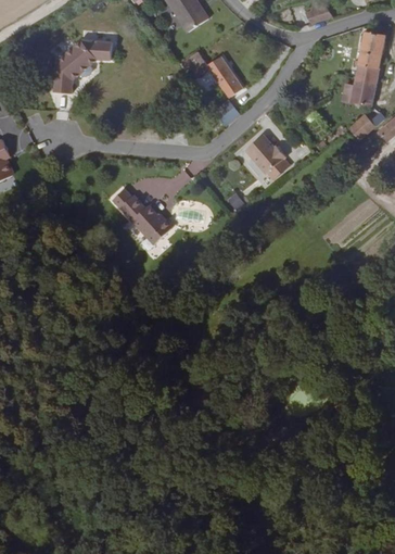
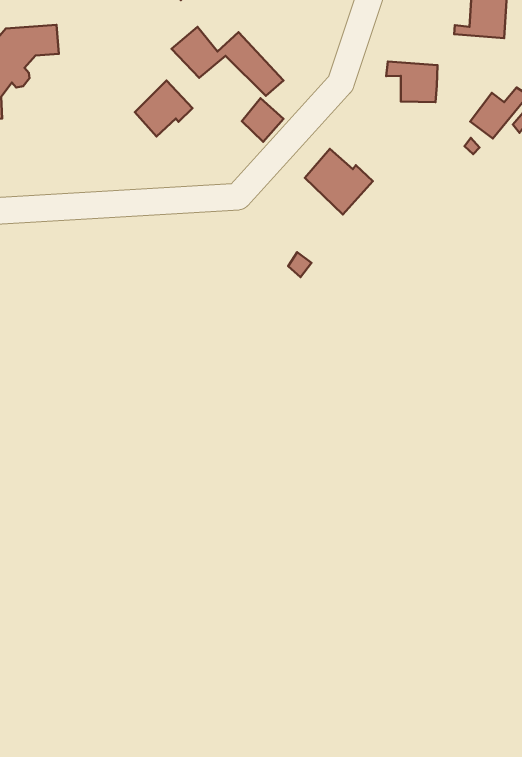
building: [345,76,377,104] -> [386,61,438,102]
building: none -> [135,80,192,136]
building: [110,188,168,243] -> none

